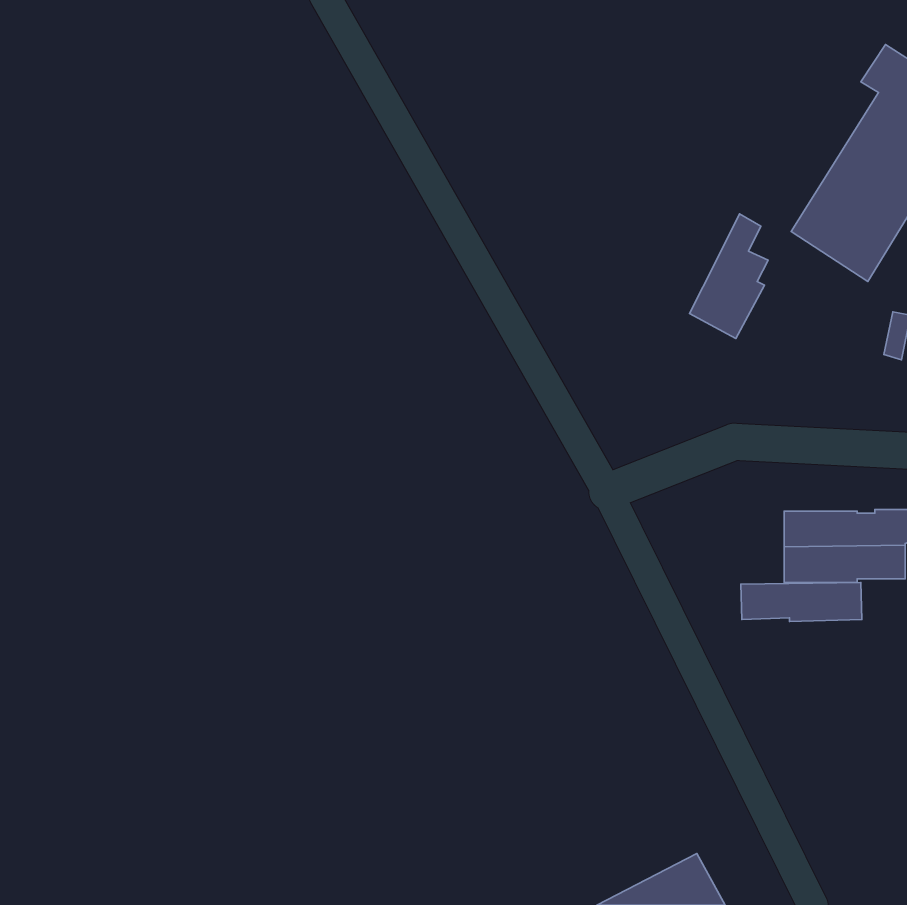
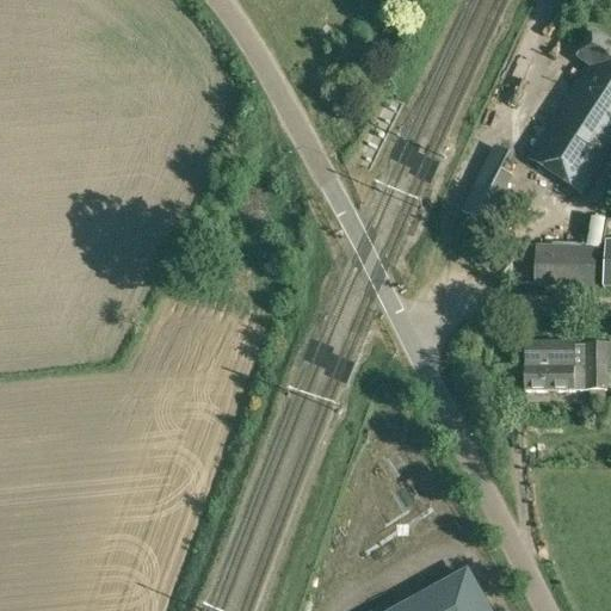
building: none -> [542,246,597,285]
building: [741,582,862,622] -> none

